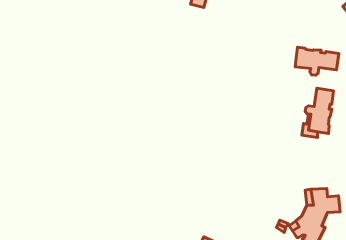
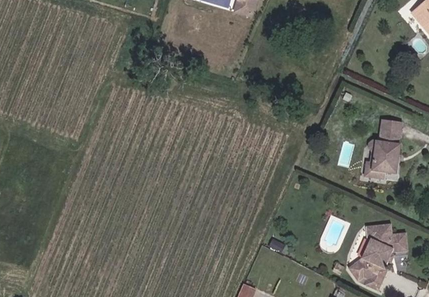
building: [295,47,339,75] -> none

